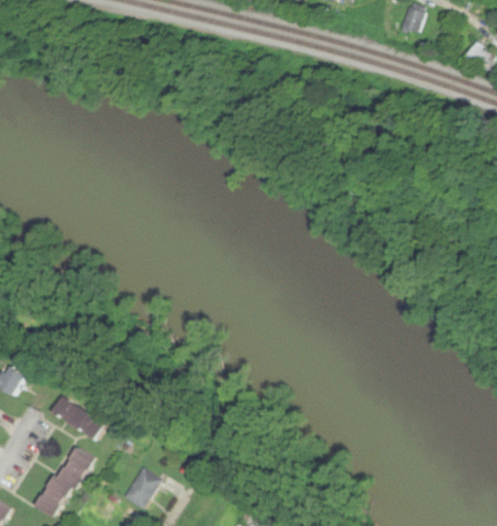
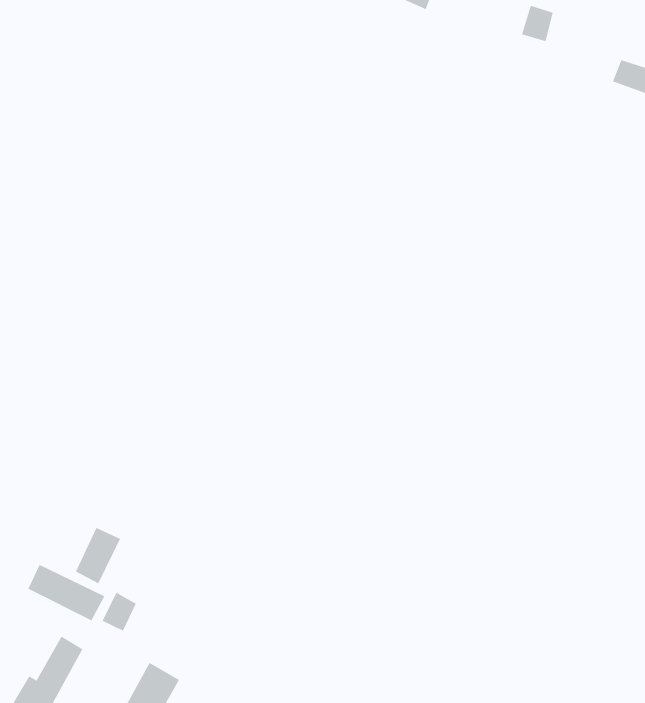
building: none -> [75,527,121,584]
building: none -> [102,592,136,632]

